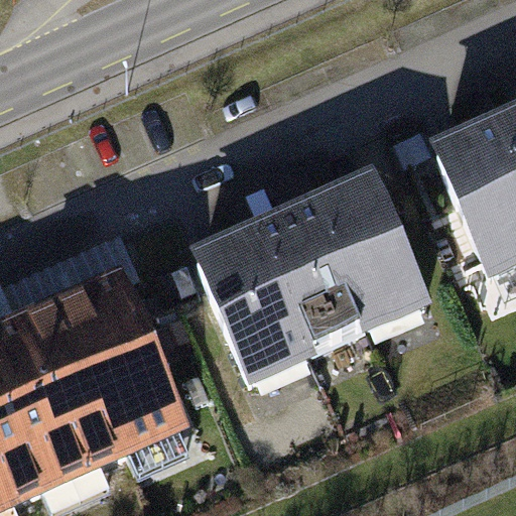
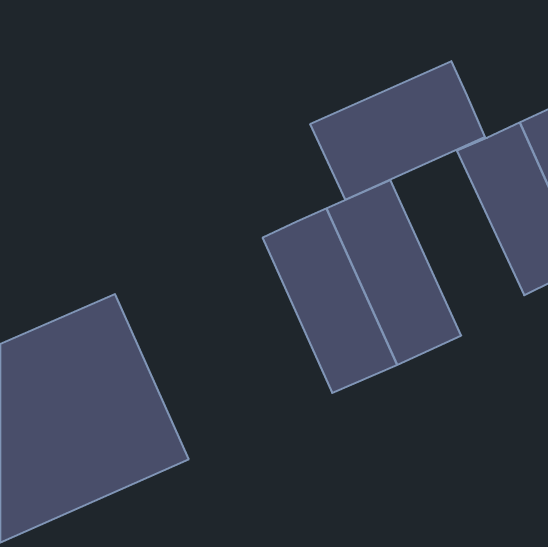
building: none -> [310,61,485,200]
building: [189,221,314,392] -> none

